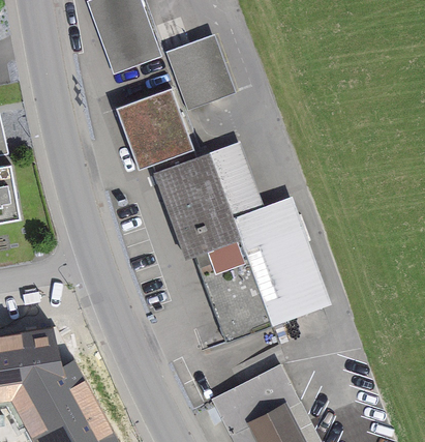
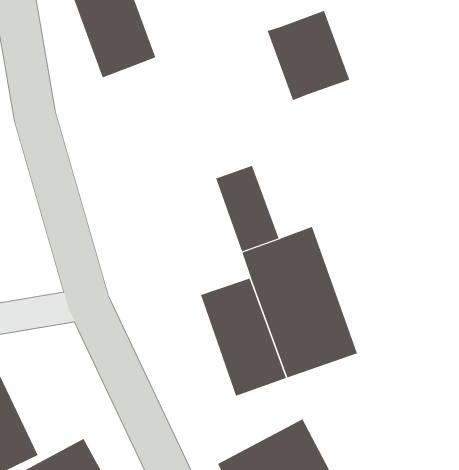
building: [164,34,235,111] -> [267,10,350,101]
building: [114,90,192,173] -> none
building: [156,158,239,260] -> none

